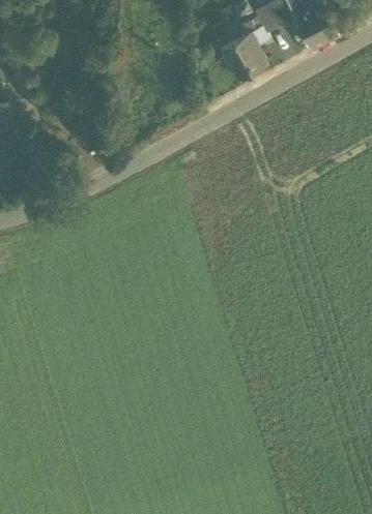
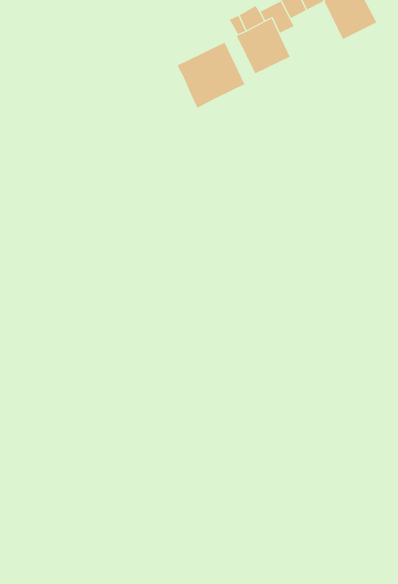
building: none -> [177,42,245,108]

